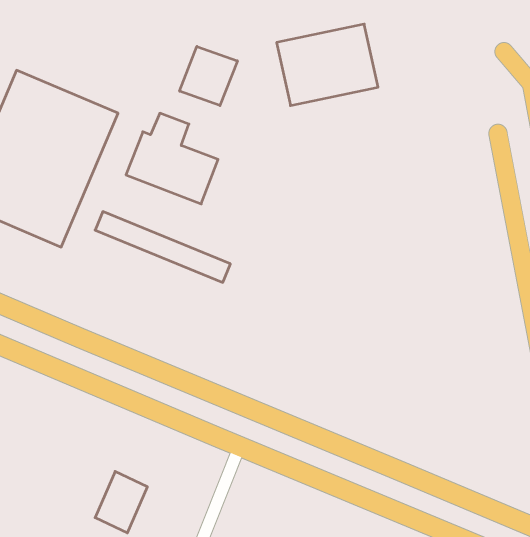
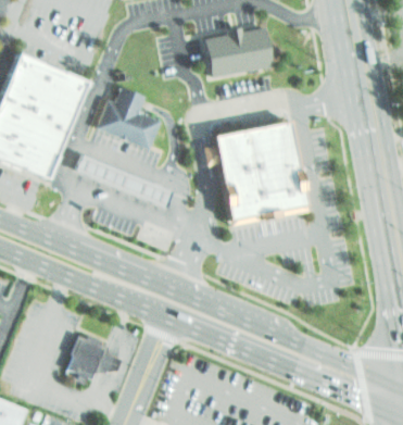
building: [180,46,237,106] -> none
building: none -> [210,108,311,228]

